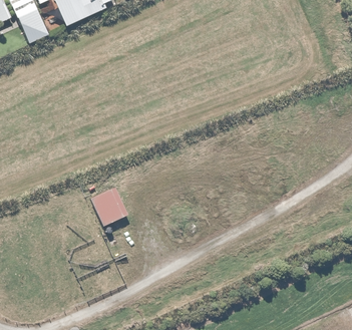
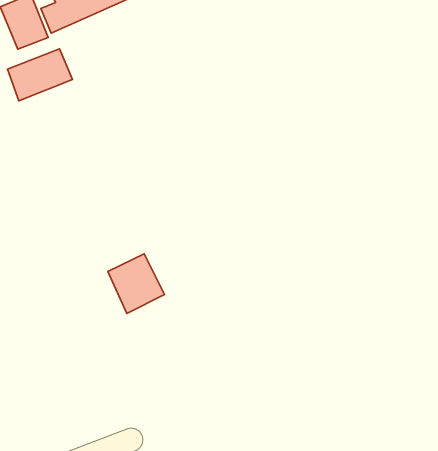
building: none -> [7,49,73,101]

